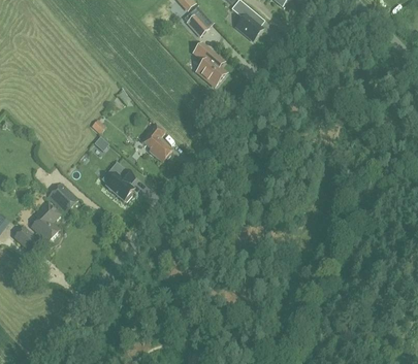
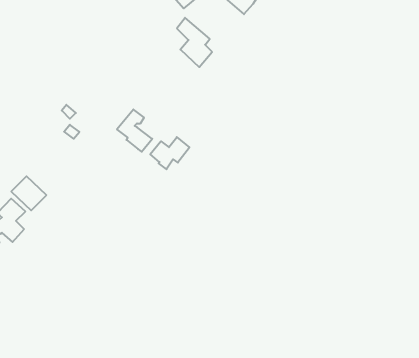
building: none -> [150,137,189,169]
building: [105,163,134,201] -> none

